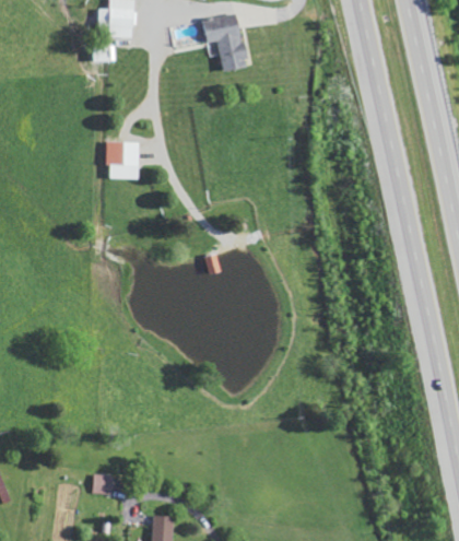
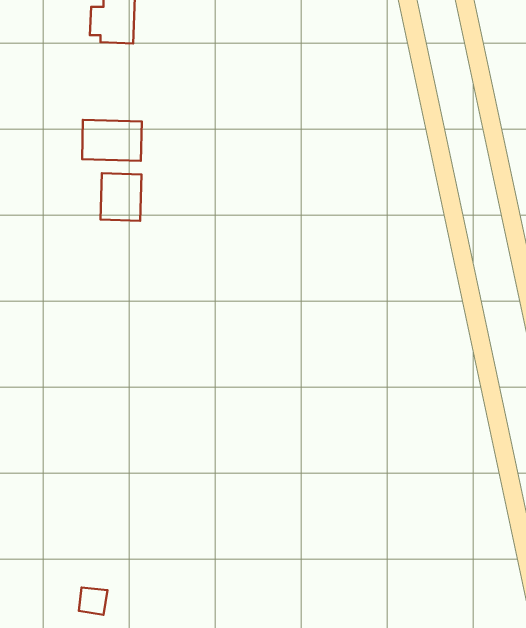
building: [203,13,248,72] -> none
building: none -> [82,120,142,161]

